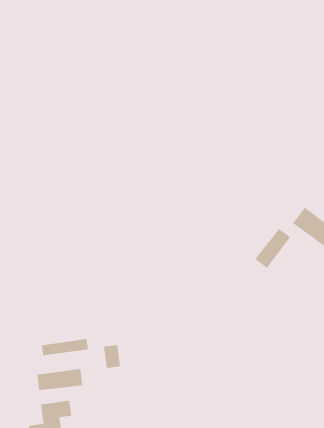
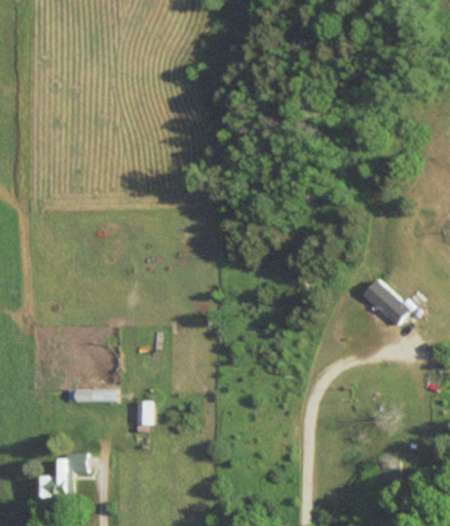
building: [254,228,291,269] -> none
building: [37,368,83,391] -> none

